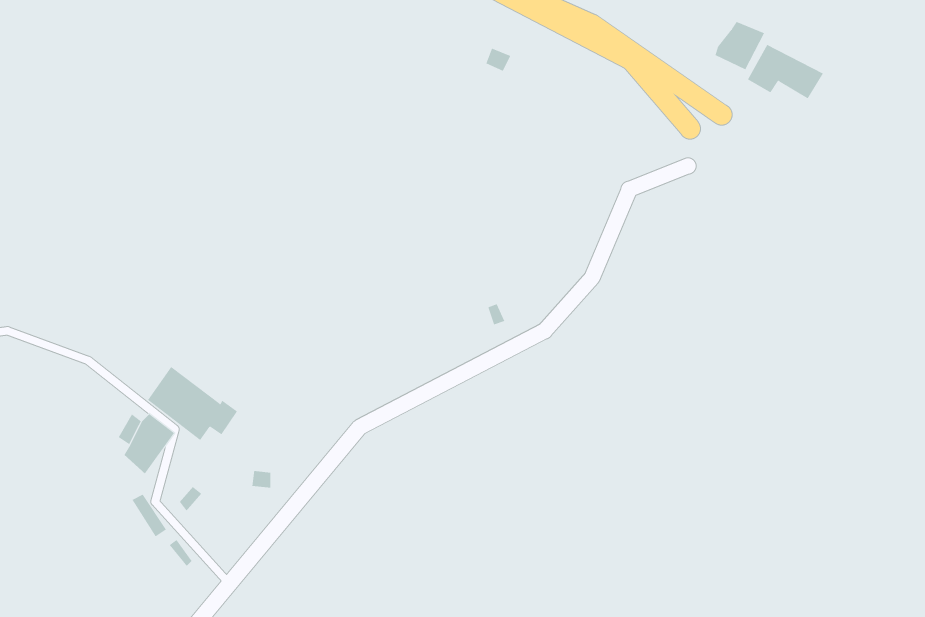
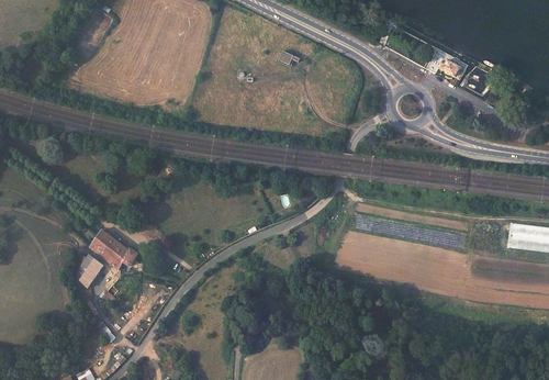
building: [715,21,765,70] -> none

